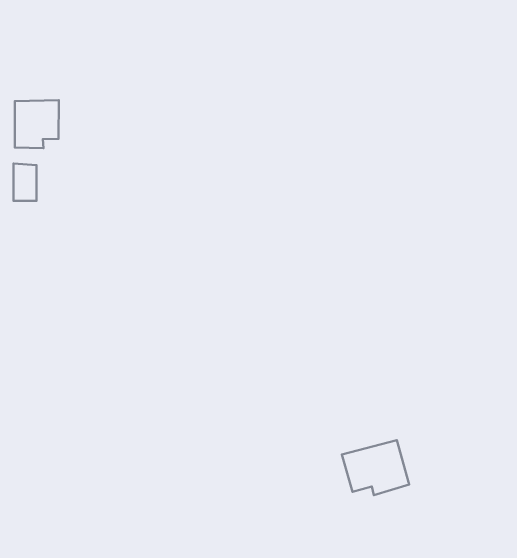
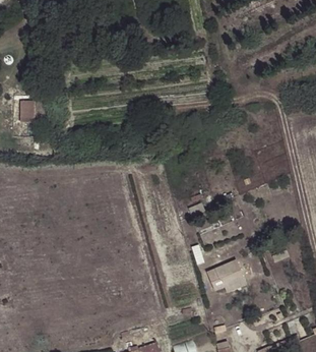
building: [15,100,59,148] -> none

